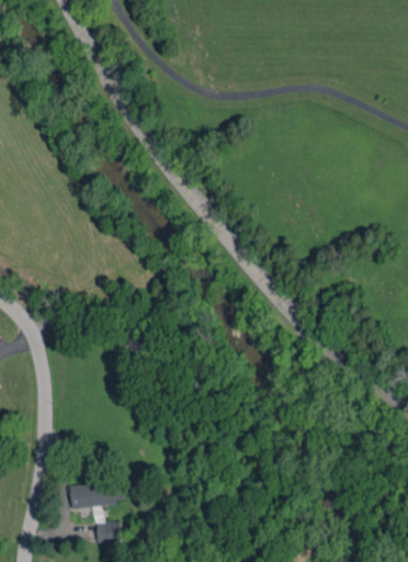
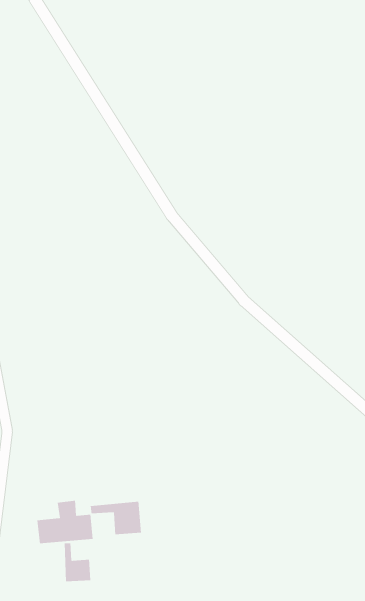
building: none -> [90,501,141,535]

